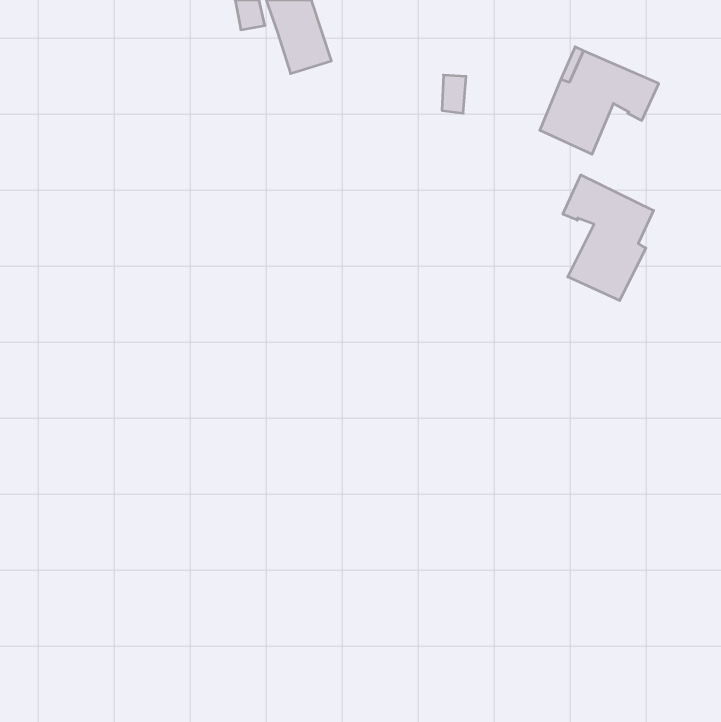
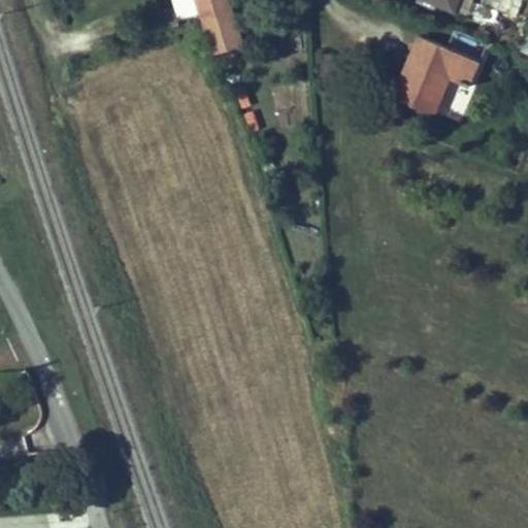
building: [563,175,654,301] -> none

